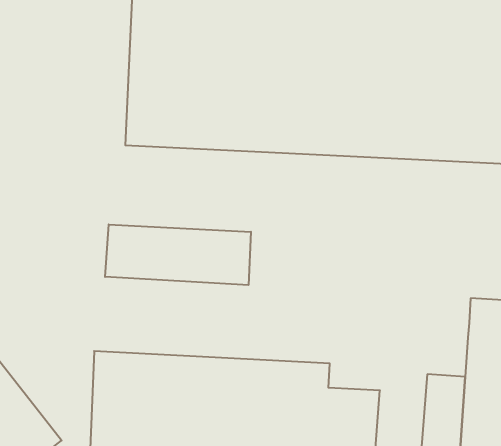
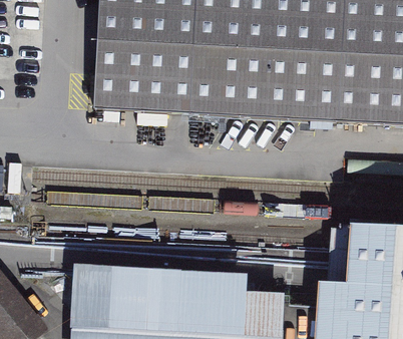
building: [105,224,251,285] -> none

